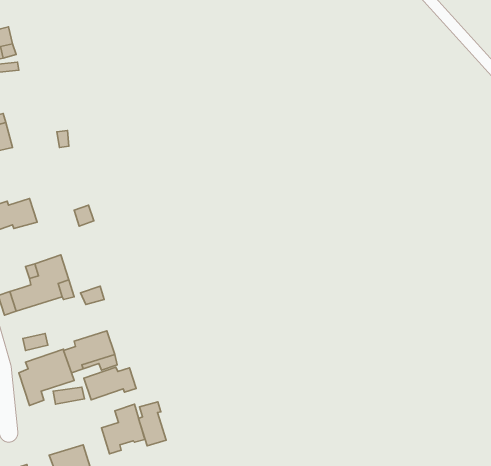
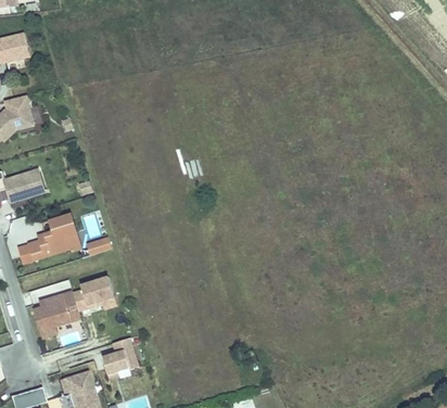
building: [84,367,136,400] -> none
building: [139,402,166,446] -> none

